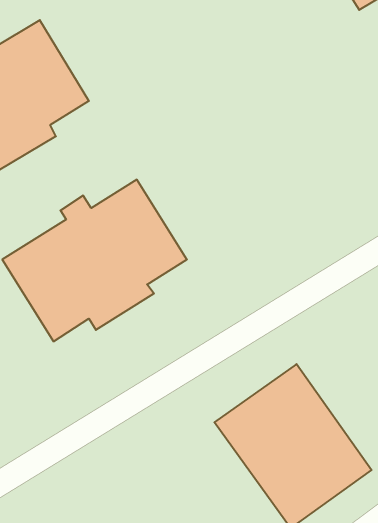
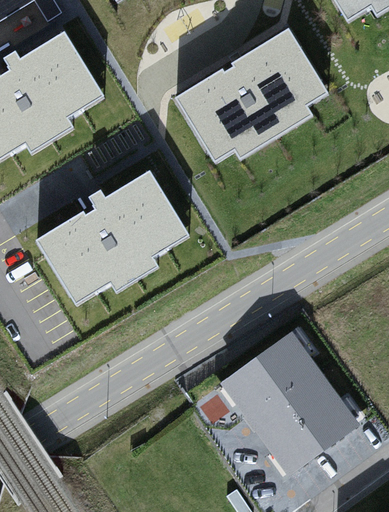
building: none -> [175,28,329,162]

